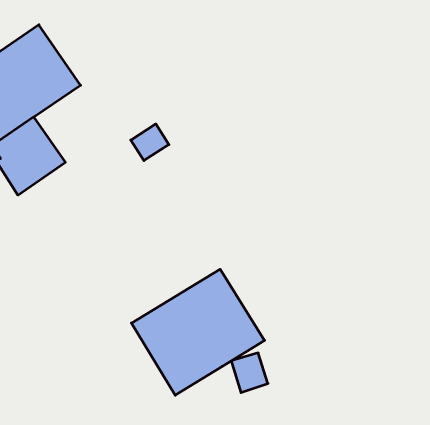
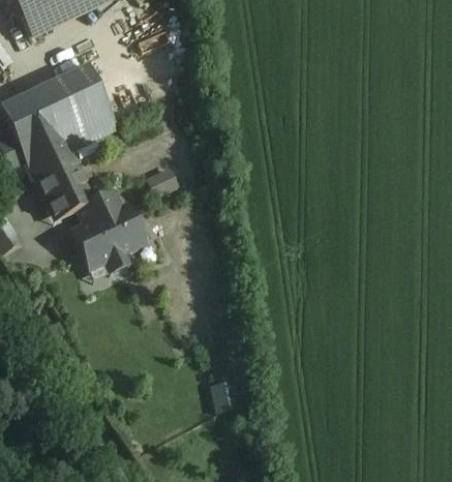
building: none -> [77,193,153,268]
building: [131,269,265,395] -> none

